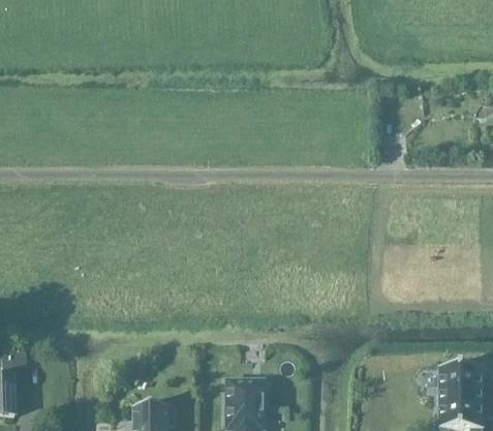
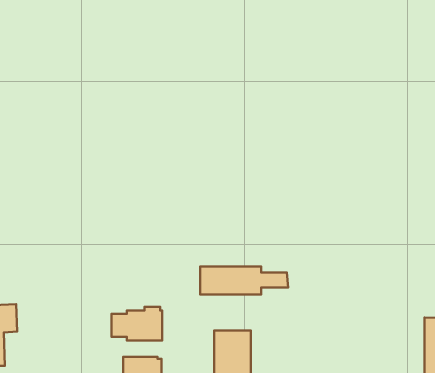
building: none -> [200,266,288,294]
building: none -> [111,307,162,340]

